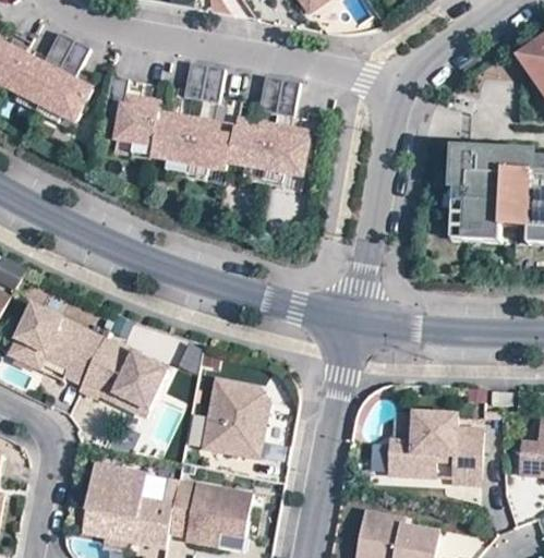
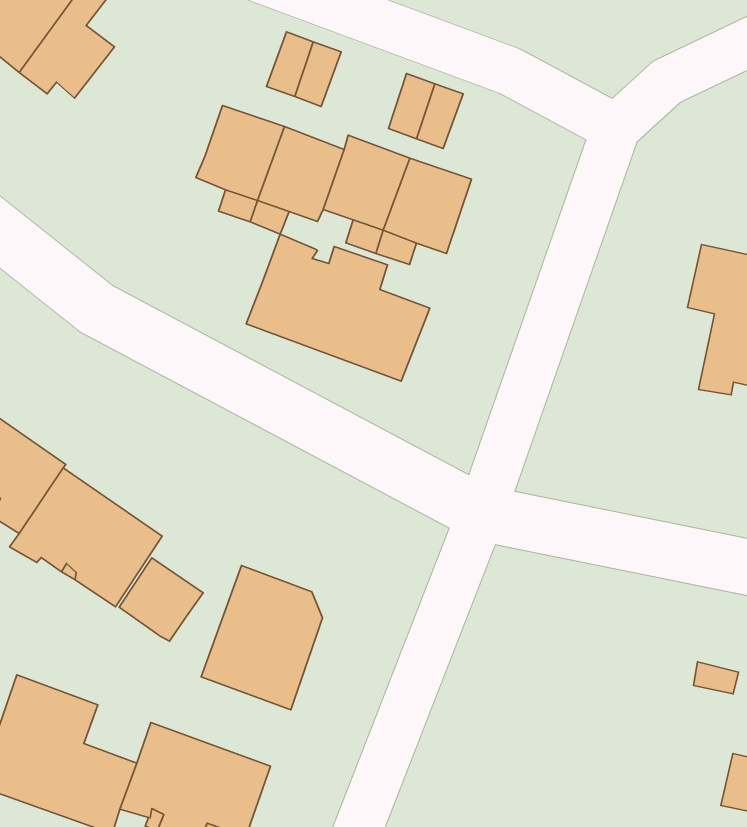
building: [102,75,161,143] -> none
building: none -> [246,234,430,381]
building: none -> [119,558,203,641]
building: [388,412,481,484] -> none

